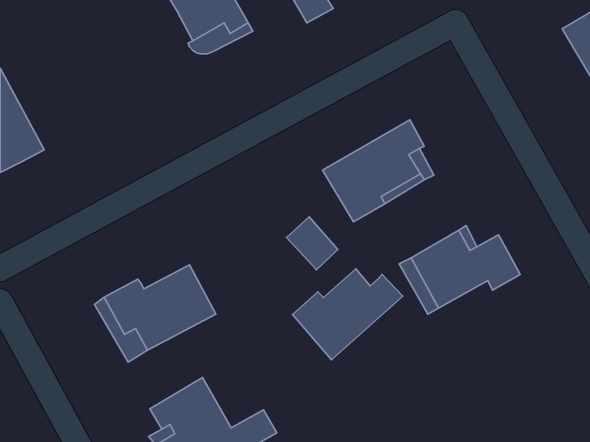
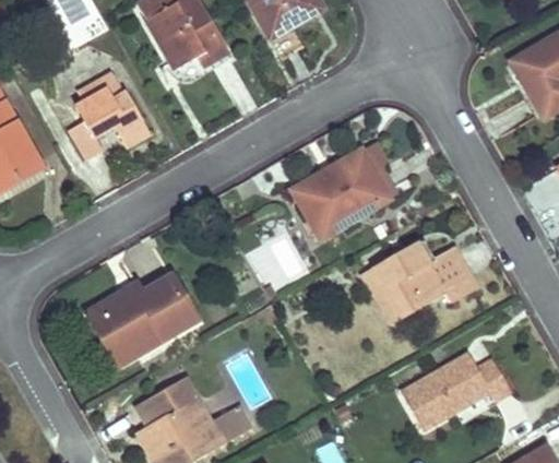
building: none -> [70,71,147,157]
building: [293,269,403,360] -> none
building: none -> [403,355,512,430]

